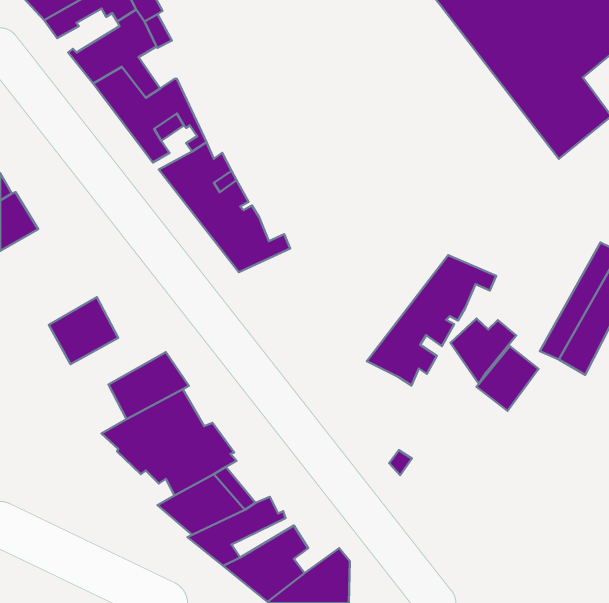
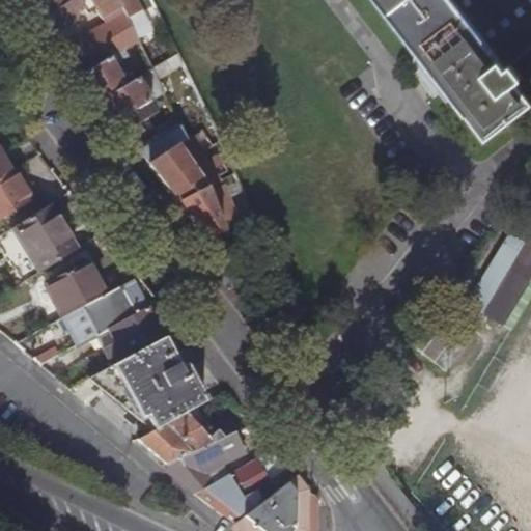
building: none -> [15,203,78,271]
building: [367,255,496,385] -> none
building: none -> [62,275,158,343]
building: [451,319,516,384] -> none

